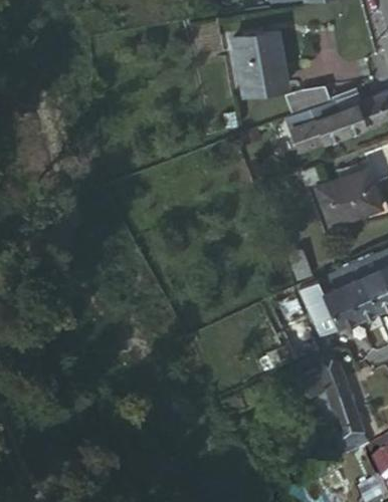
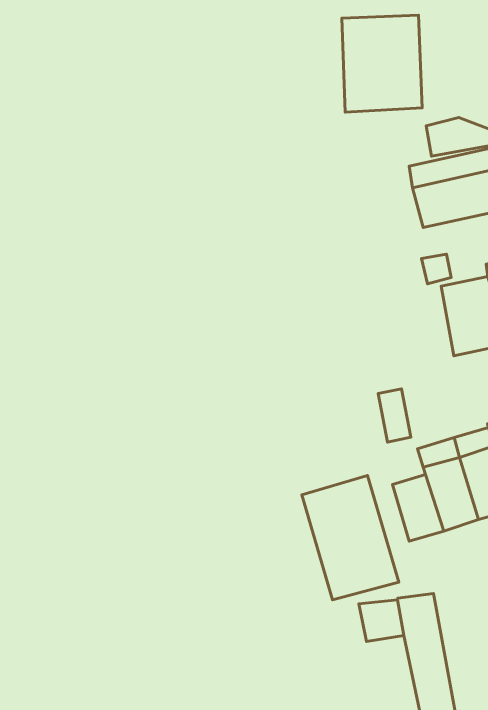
building: none -> [302,476,399,600]

